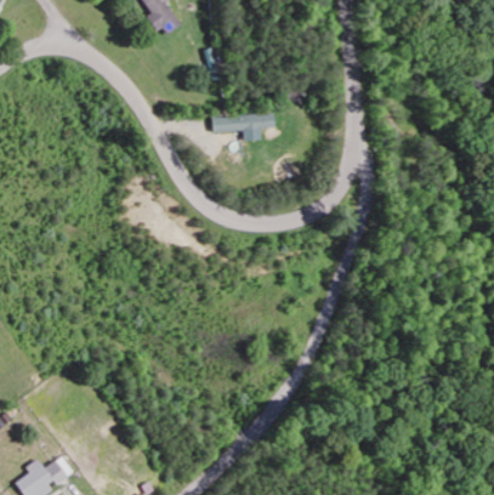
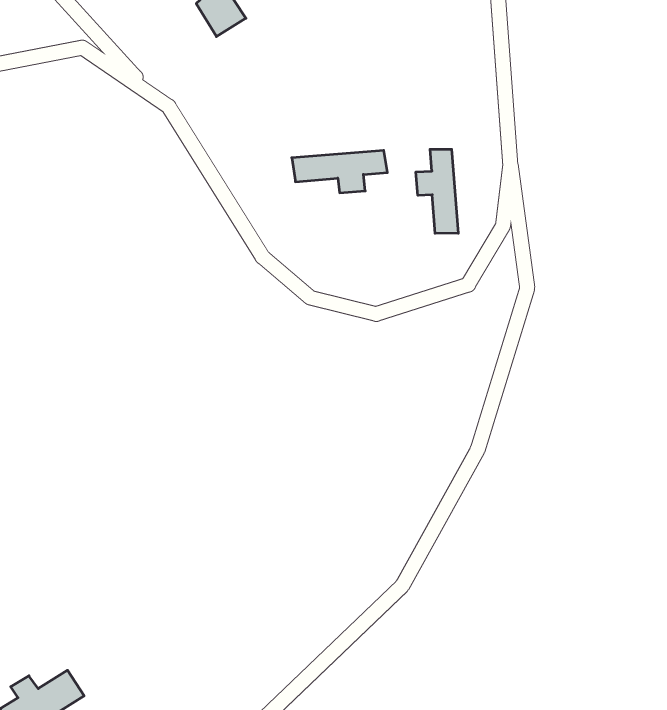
building: none -> [416,149,458,233]

